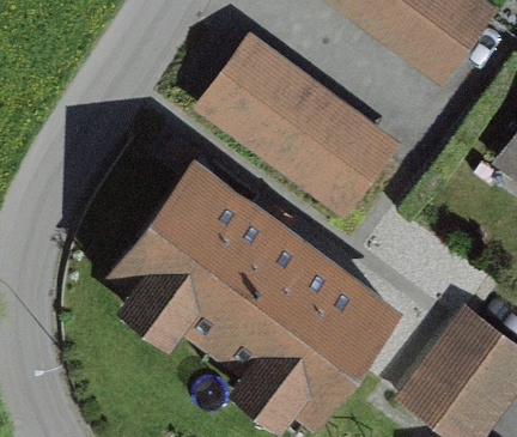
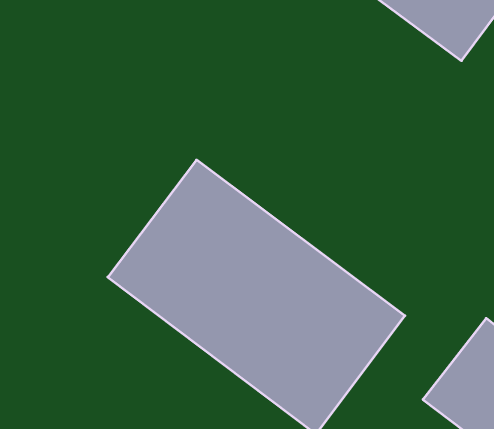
building: [199,45,389,212] -> none

